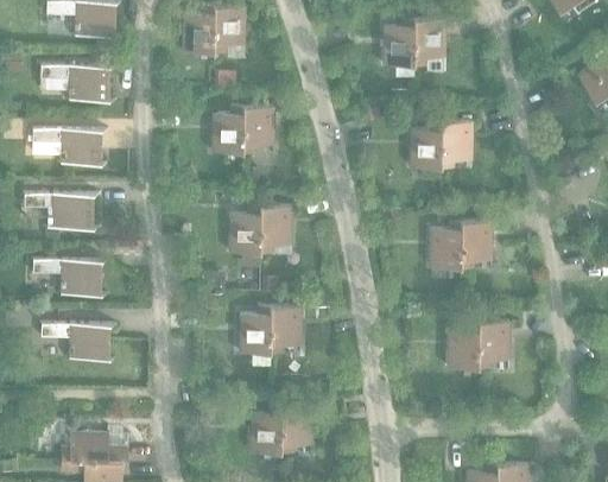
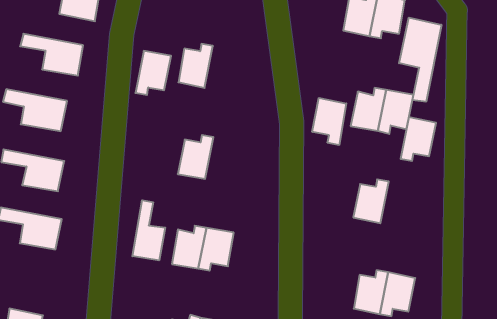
building: none -> [399,18,441,102]
building: [242,107,274,154] -> [135,51,171,95]
building: none -> [312,98,346,145]
building: [260,207,291,254] -> none
building: [461,222,493,269] -> [401,117,436,161]
building: none -> [132,200,165,260]

